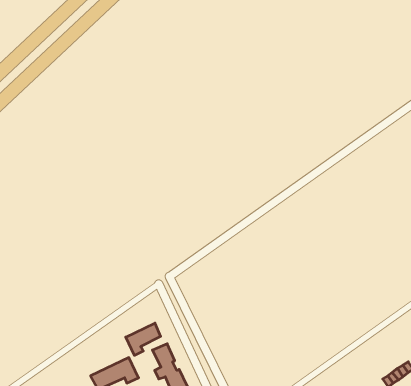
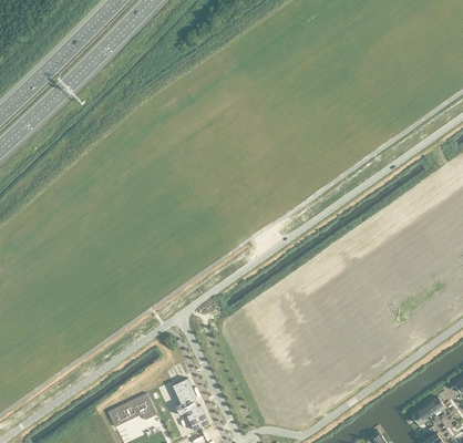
building: [126,323,161,355] -> none

